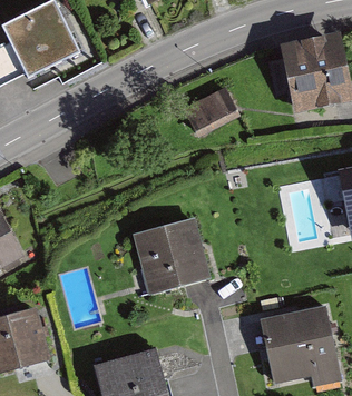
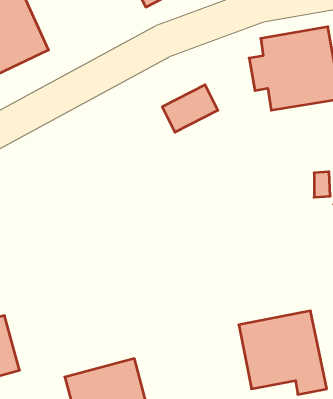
building: [136,220,209,288] -> none

